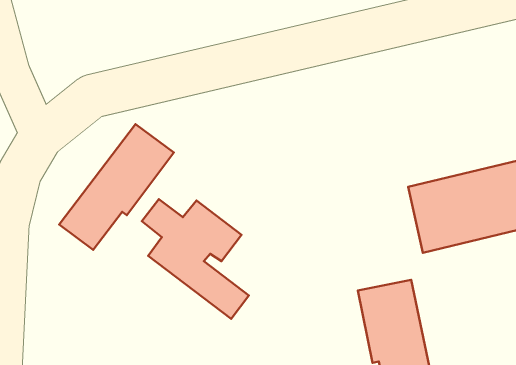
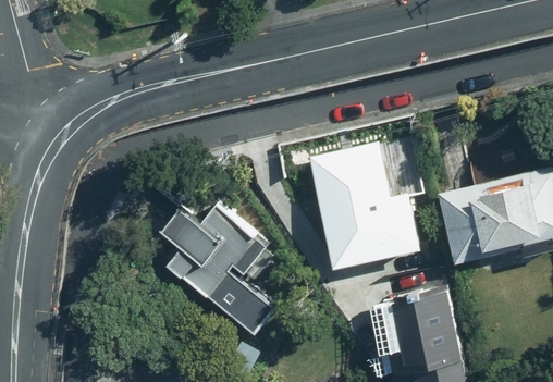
building: [59,124,174,250] -> none
building: none -> [308,138,419,267]

